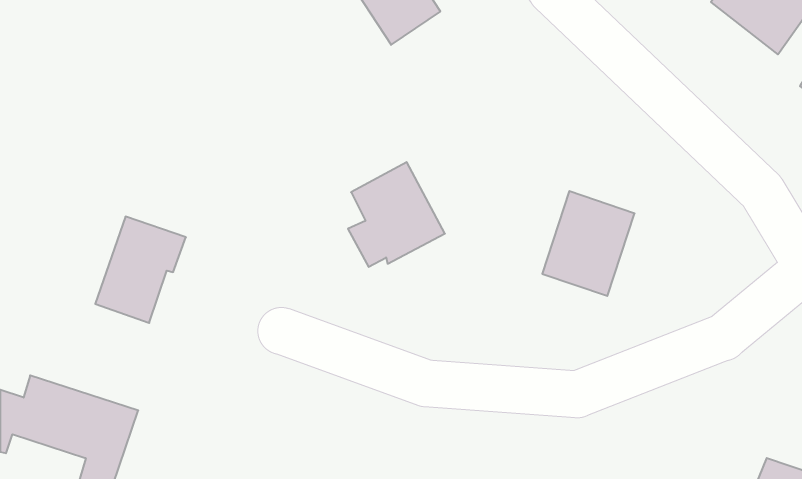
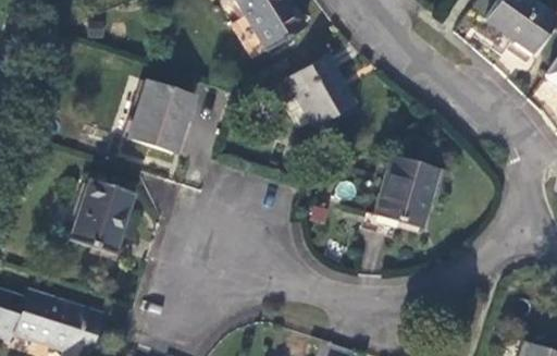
building: none -> [126,76,187,145]
building: [348,162,445,267] -> [294,60,360,132]

